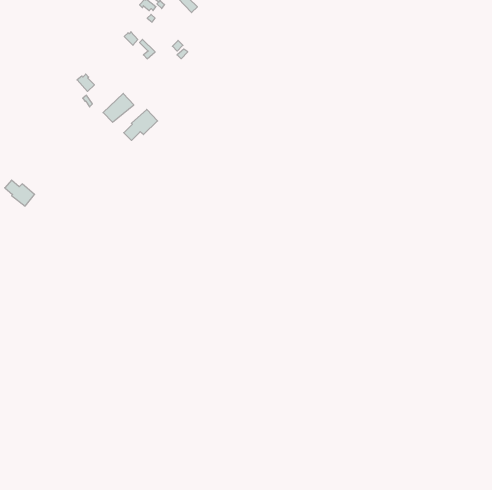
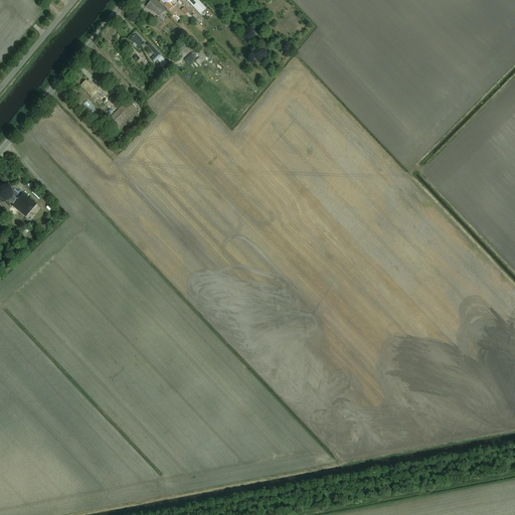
building: [124,109,158,140] -> none

